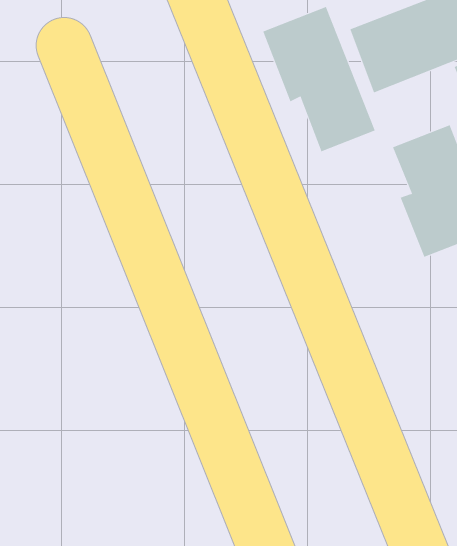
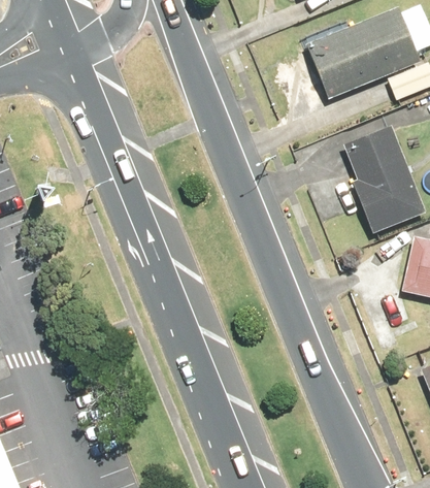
building: [262,6,376,152] -> none

